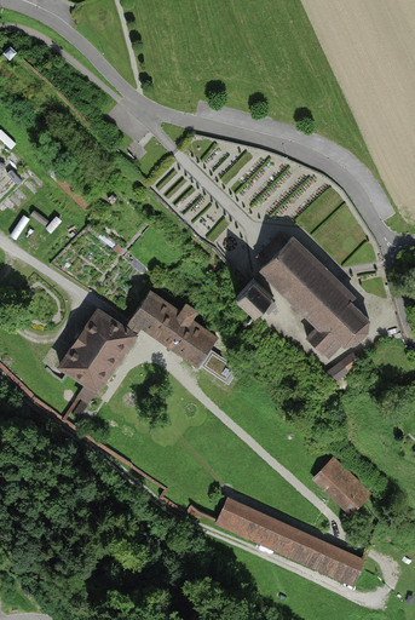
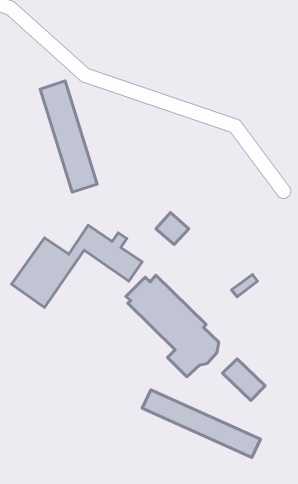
building: none -> [40,81,97,192]
building: [254,231,370,358] -> [126,275,219,377]

